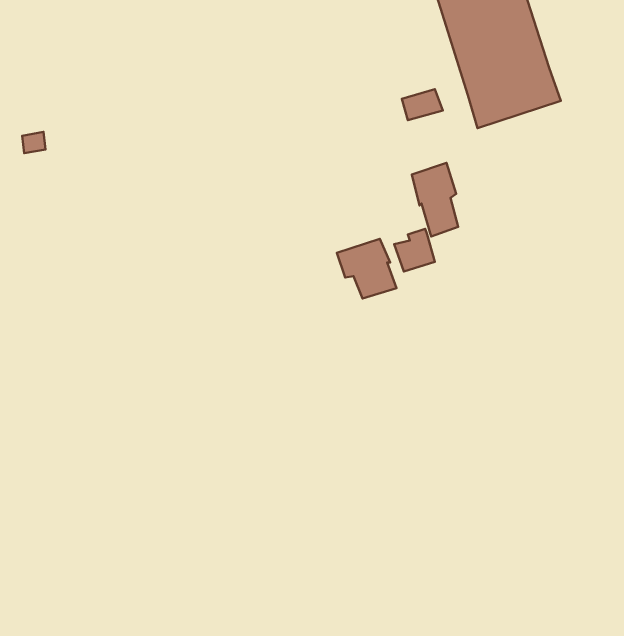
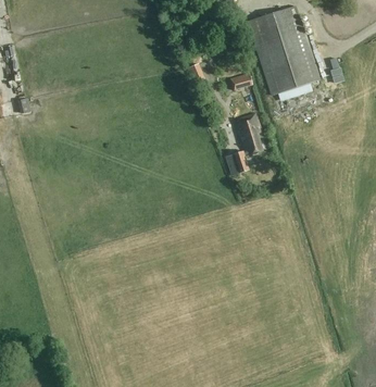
building: [337,239,396,299] -> none

